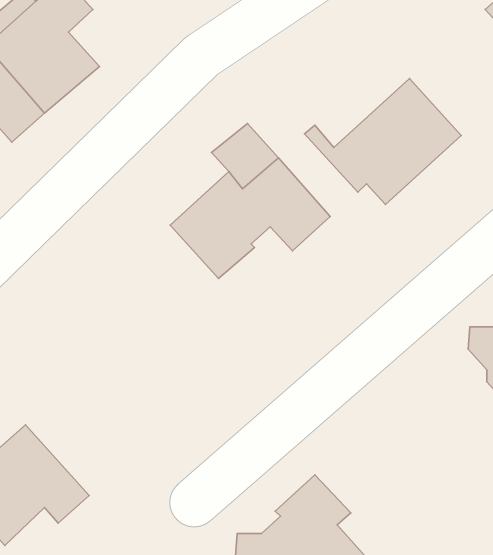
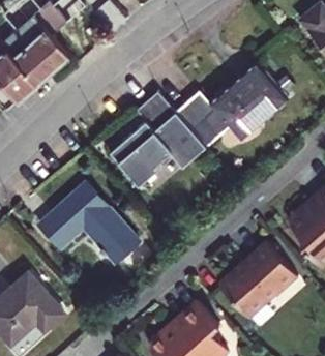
building: none -> [177,97,225,147]
building: none -> [39,183,138,263]
building: none -> [220,242,299,318]

